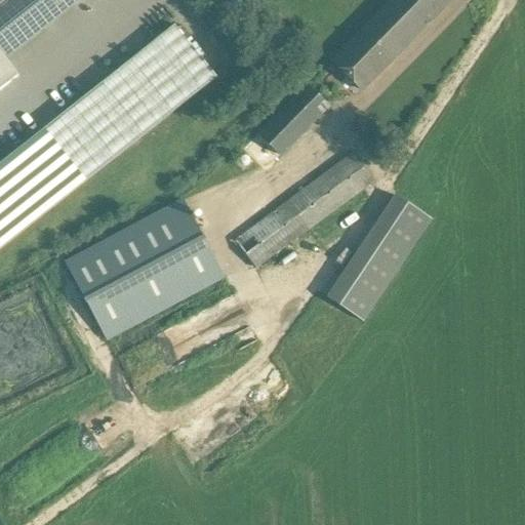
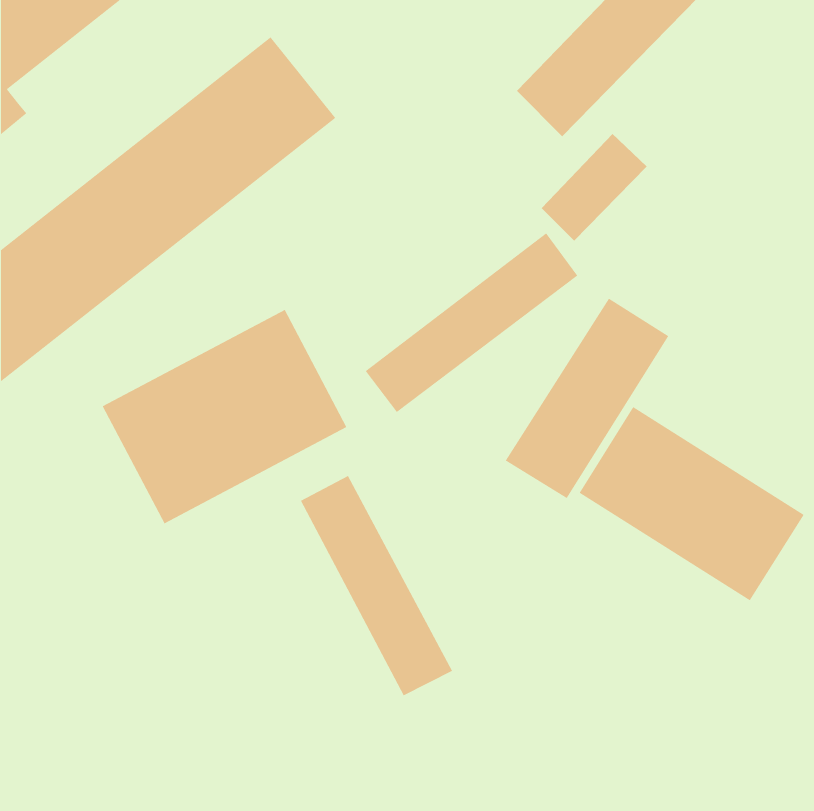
building: [259,84,328,154] -> [541,133,648,242]
building: none -> [579,406,804,601]
building: none -> [300,475,453,696]

